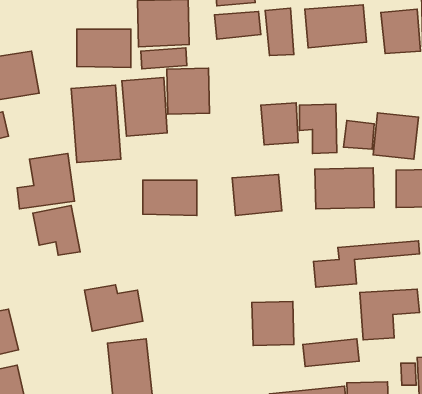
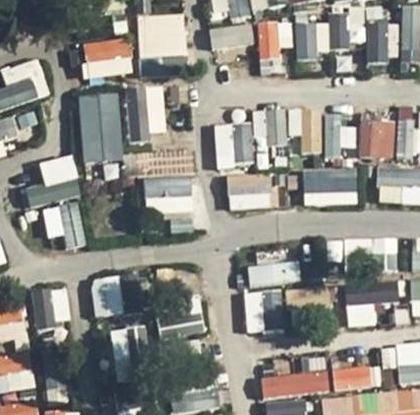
building: [167,68,210,114] -> [213,124,252,167]
building: none -> [32,287,70,328]
building: none -> [153,297,206,342]
building: [303,339,359,367] -> [247,260,299,286]

